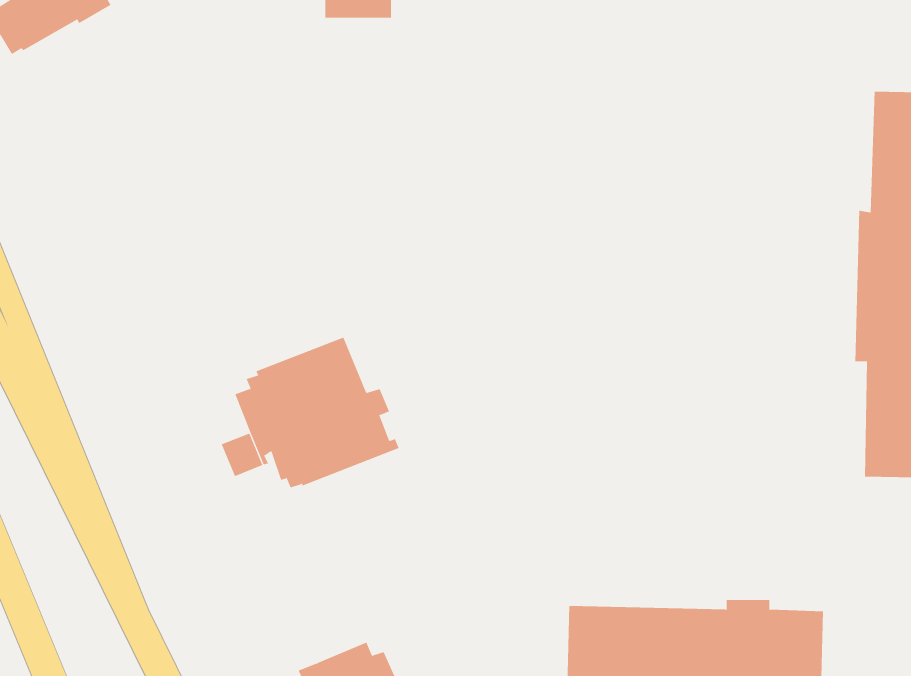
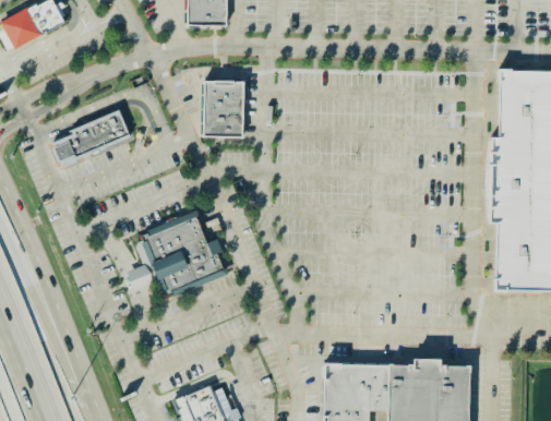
building: none -> [203,81,242,136]
building: none -> [49,108,132,167]

